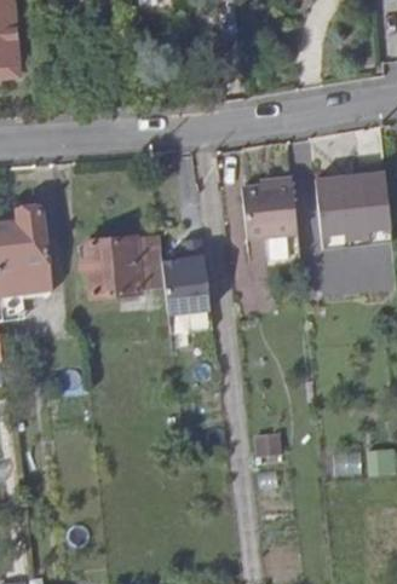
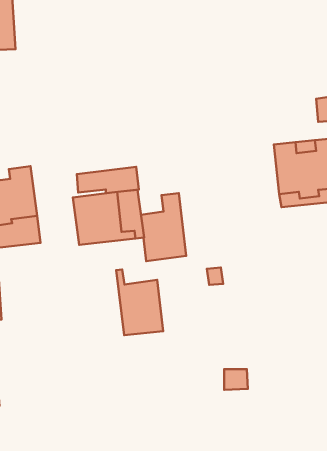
building: [238,181,294,242] -> none
building: none -> [77,167,139,193]
building: none -> [116,270,163,335]

